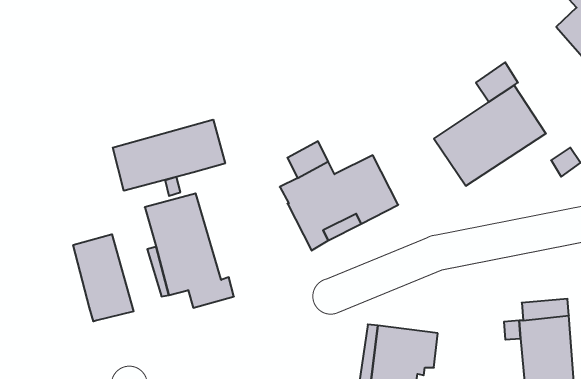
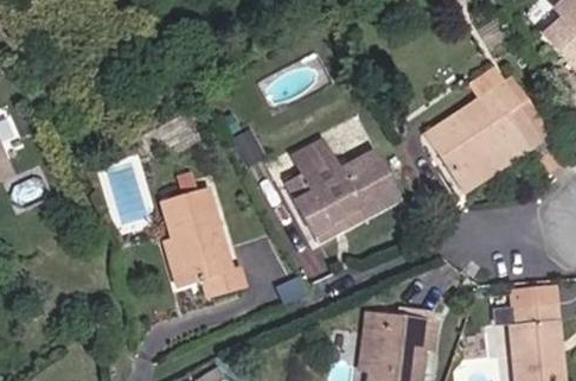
building: none -> [459,82,548,191]
building: [113,120,225,191] -> none
building: [73,234,134,321] -> none

